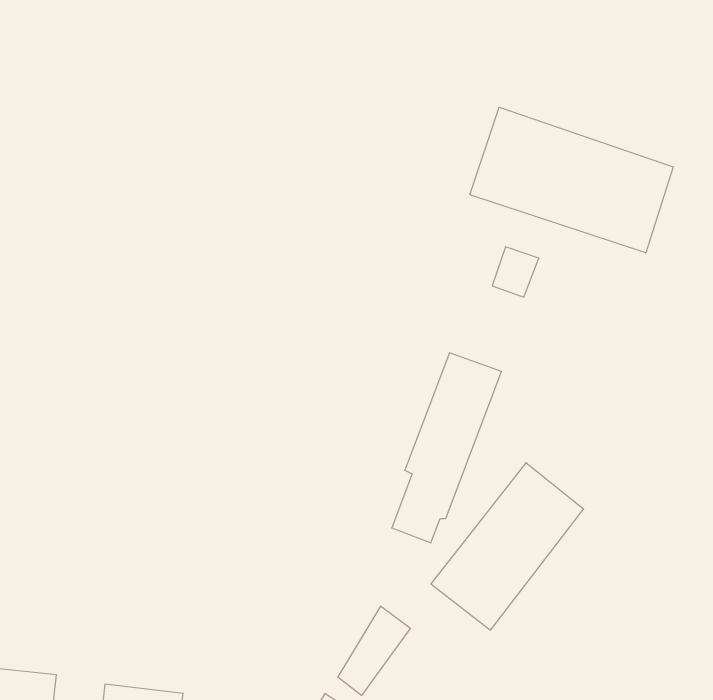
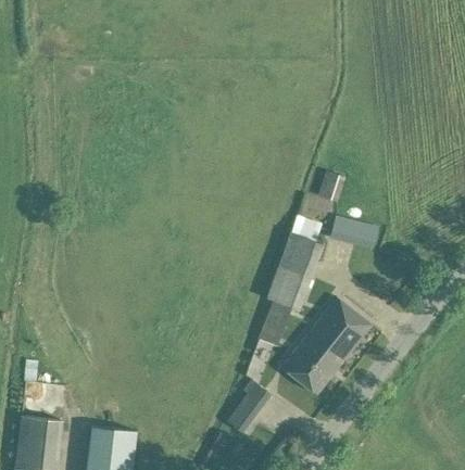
building: [470,107,673,253] -> none
building: none -> [329,217,377,247]

